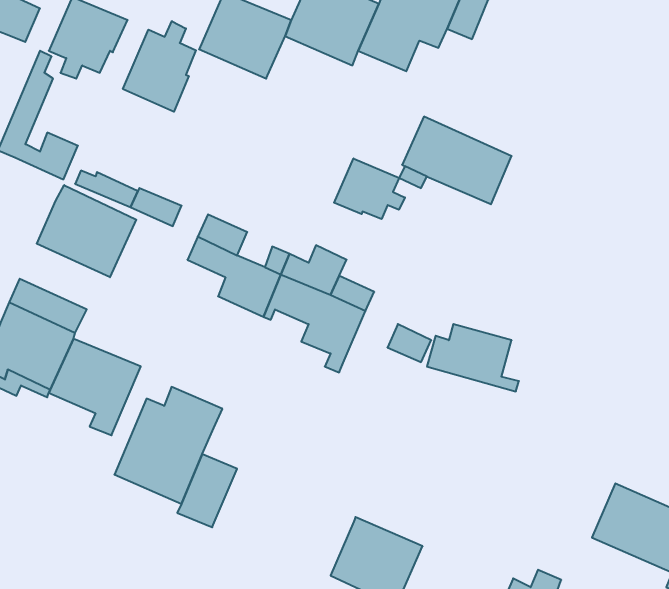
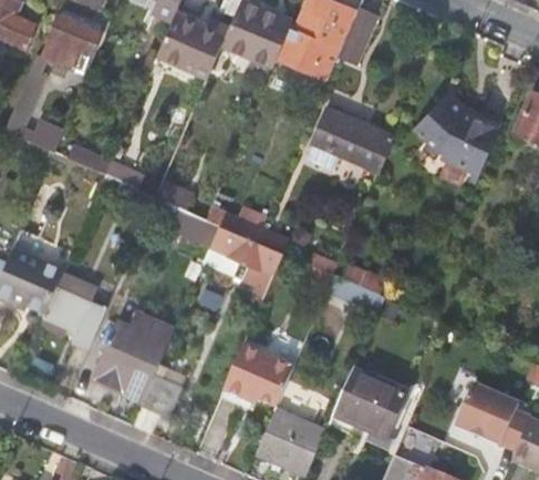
building: [123,21,196,112] -> none
building: none -> [413,90,498,173]
building: [334,158,405,219] -> none
building: [37,185,136,277] -> none
building: none -> [224,344,294,407]
building: none -> [333,367,408,438]

